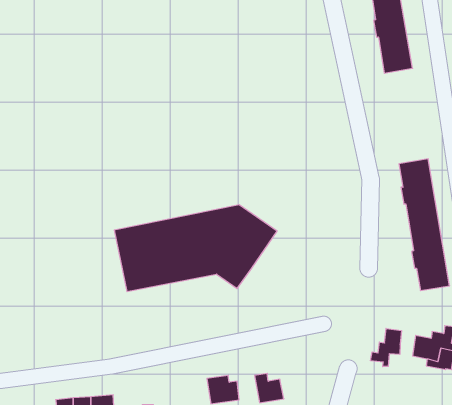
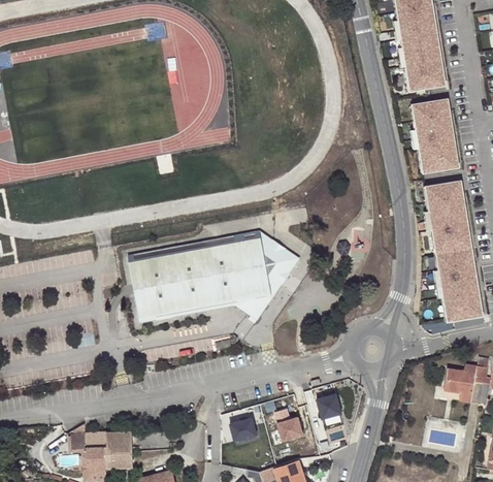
building: none -> [415,100,457,172]
building: [371,328,401,367] -> none
building: none -> [319,393,343,418]

